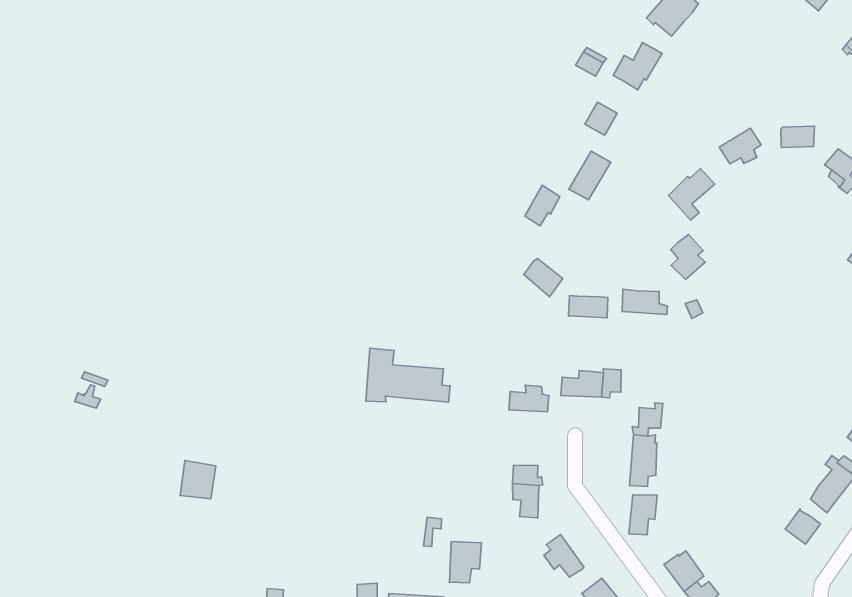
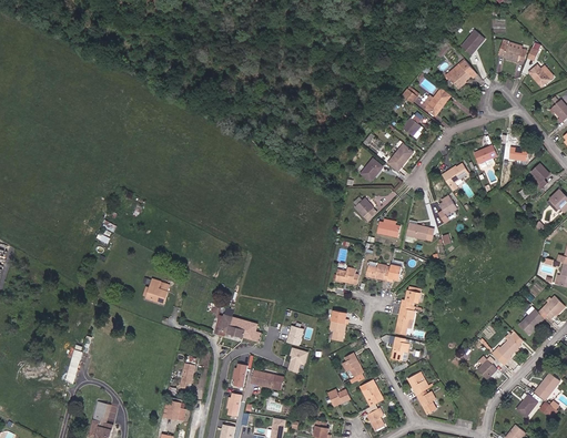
building: [366,348,450,402] -> [214,304,262,340]

